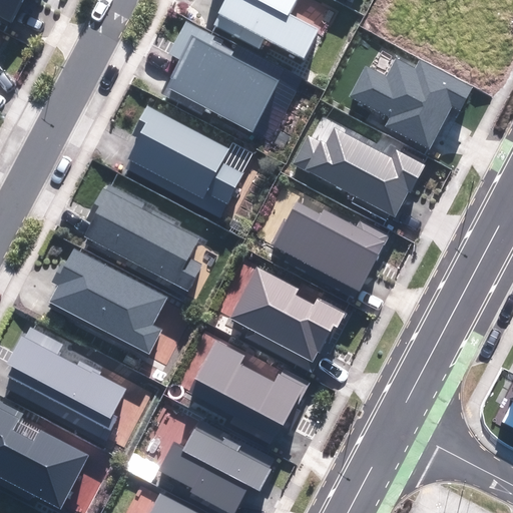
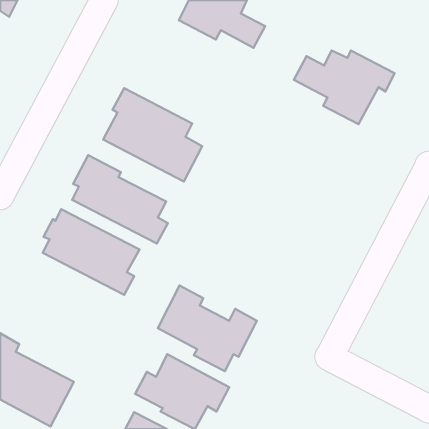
building: [164,21,278,130] -> none
building: [294,129,425,214] -> none
building: [272,202,388,291] -> none
building: [231,268,345,360] -> none
building: [6,327,126,431] -> none

